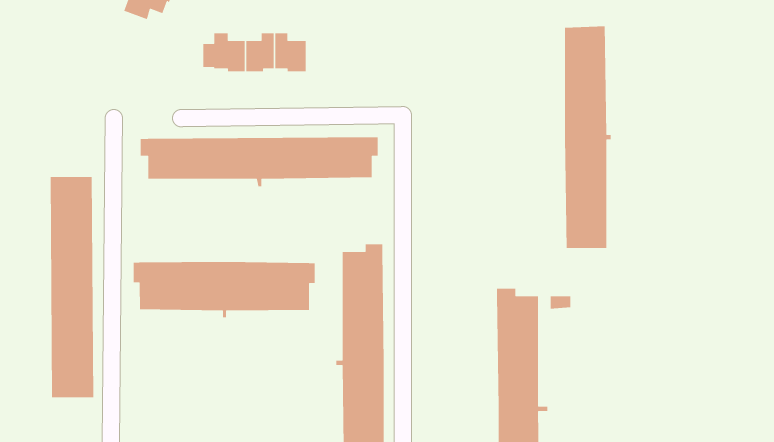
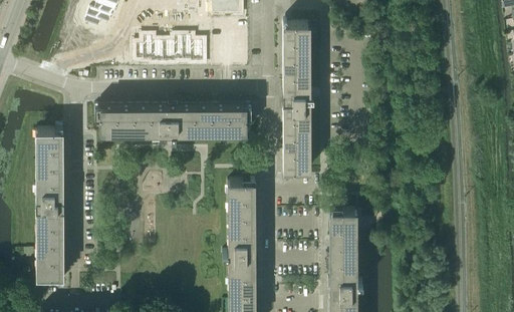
building: [564,26,612,249] -> [283,25,314,172]
building: [133,261,316,318] -> none

